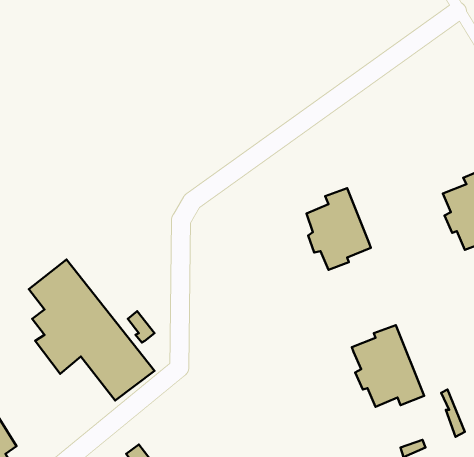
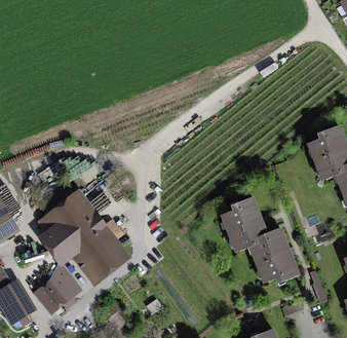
building: [306,188,371,270] -> [223,196,265,250]
building: none -> [32,262,76,307]

